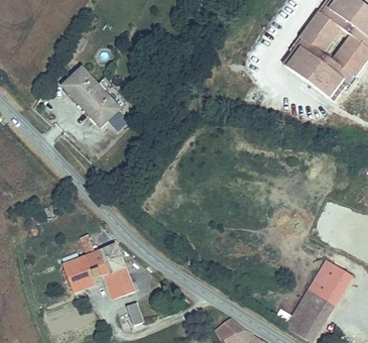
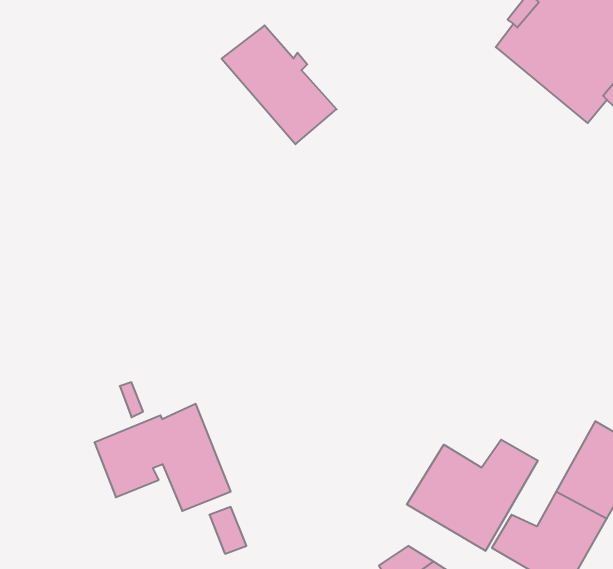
building: [63,67,122,128] -> [222,25,337,144]
building: none -> [407,440,538,551]

